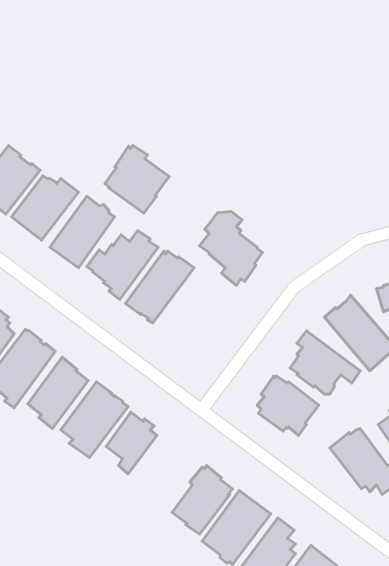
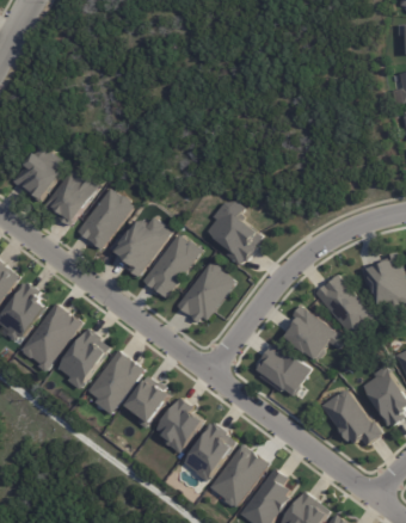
building: [105,146,169,213] -> none
building: none -> [178,262,236,322]
building: none -> [155,396,204,453]

